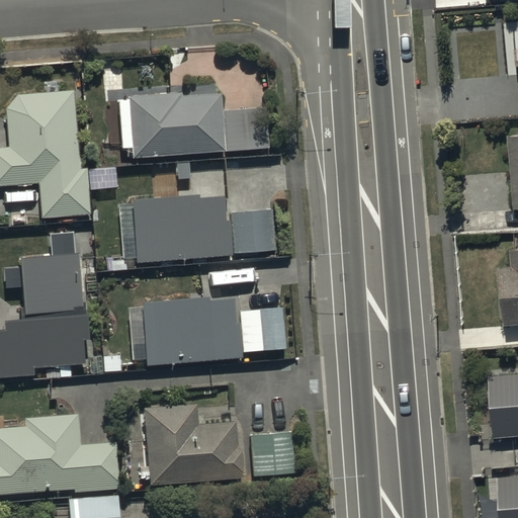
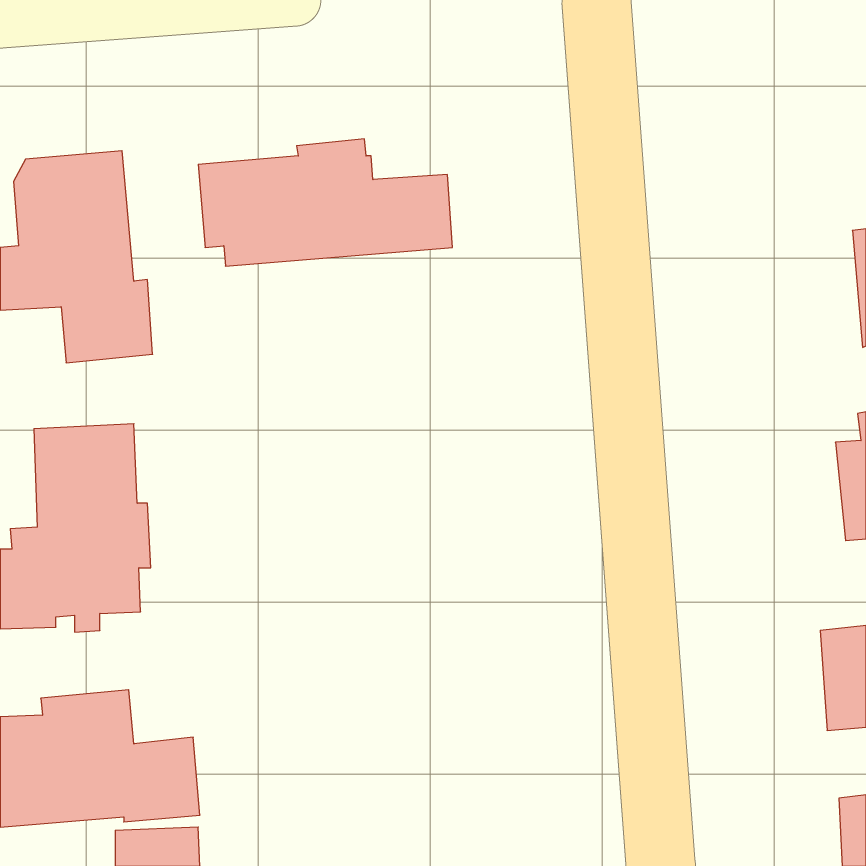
building: [133,193,276,263] -> none
building: [128,297,284,365] -> none
building: [145,405,244,487] -> none
building: [251,430,296,476] -> none

